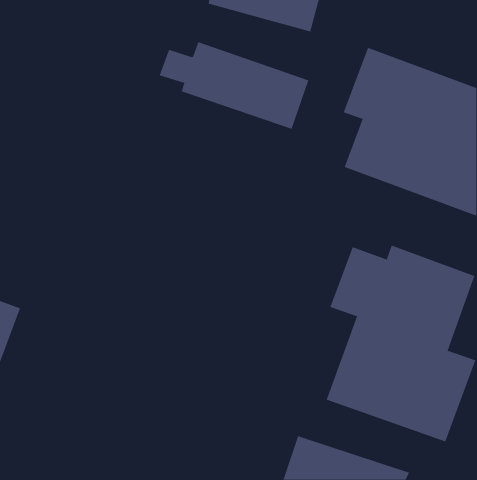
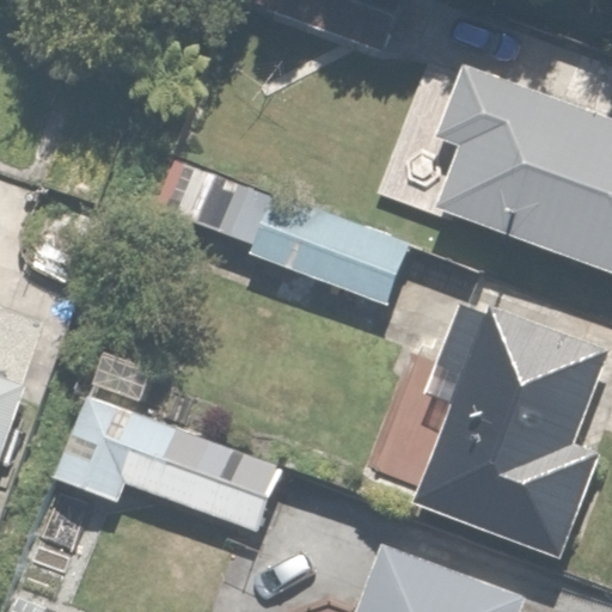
building: [159,42,309,129] -> [215,186,405,298]
building: none -> [54,394,282,528]

